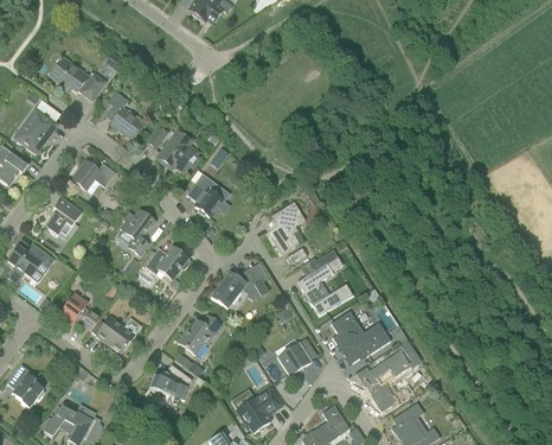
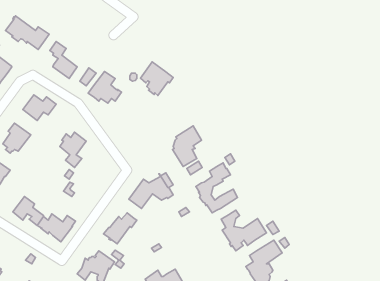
building: [187,173,230,217] -> [140,62,173,96]
building: [146,244,191,279] -> none
building: [275,342,312,376] -> none

